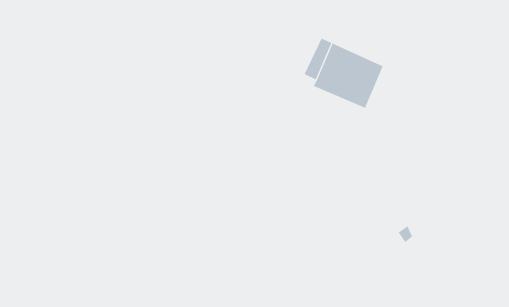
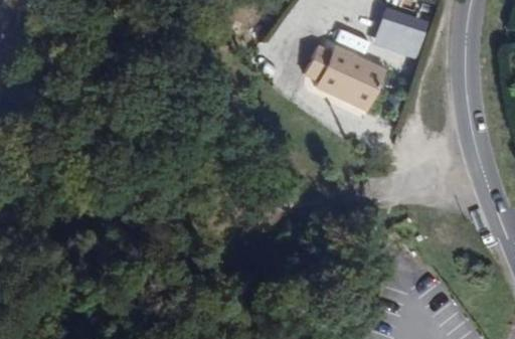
building: none -> [373,8,426,57]

